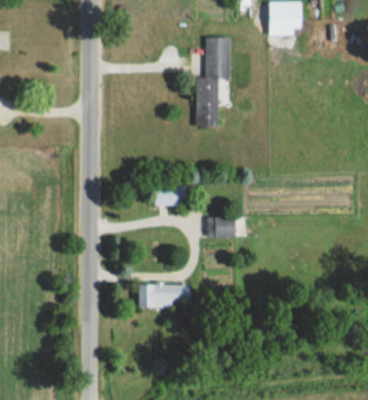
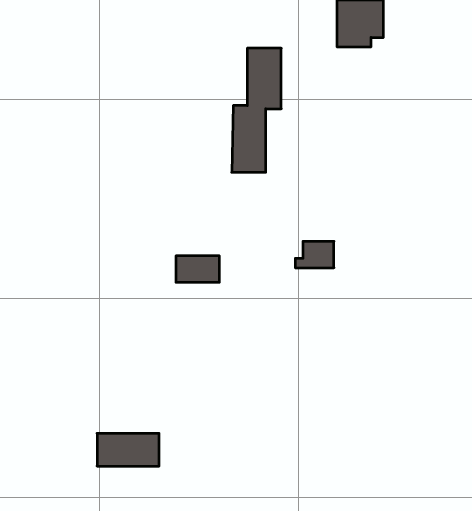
building: [206,218,233,237] -> [295,241,334,268]
building: [138,284,182,308] -> [97,433,159,466]

